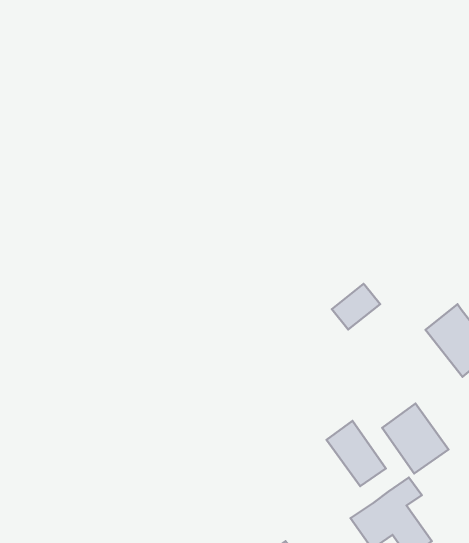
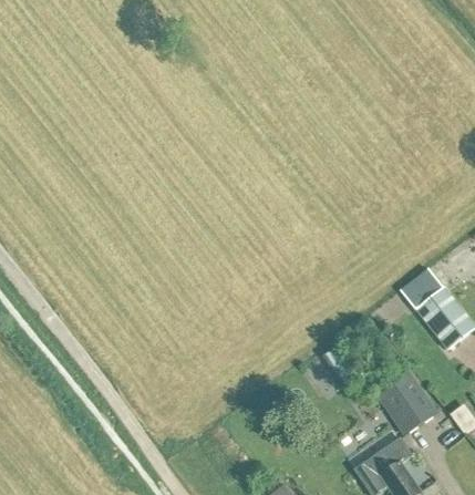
building: [332,284,380,330] -> [401,268,443,308]
building: [327,421,386,486] -> none

